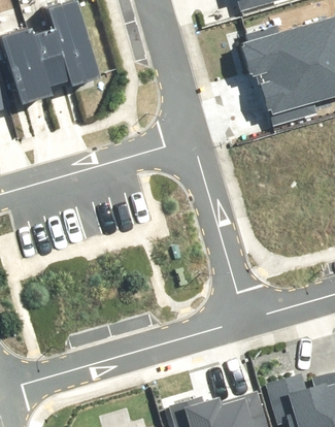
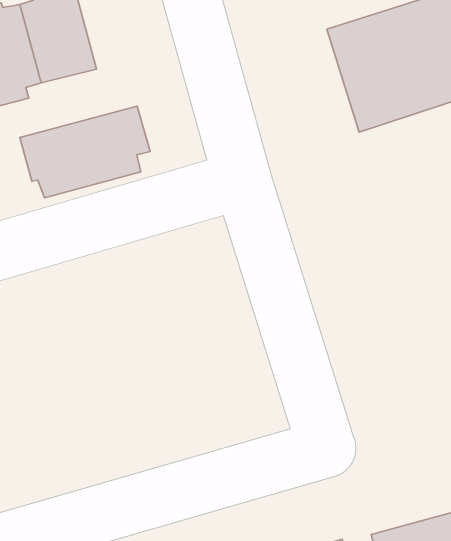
building: none -> [20,106,150,198]

